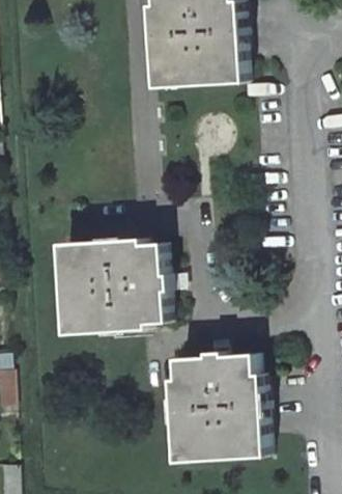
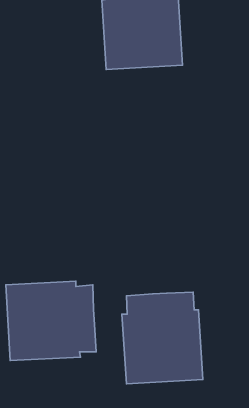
building: [64,238,171,331] -> [6,281,96,361]

